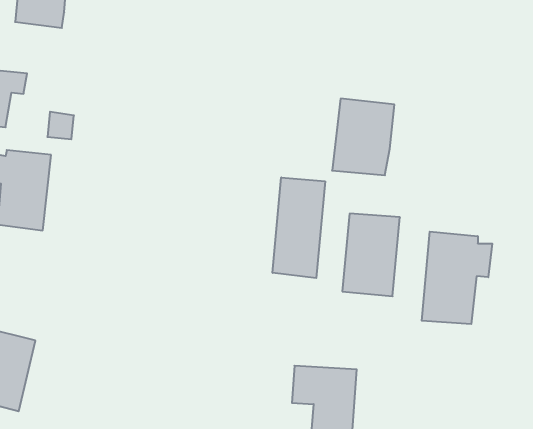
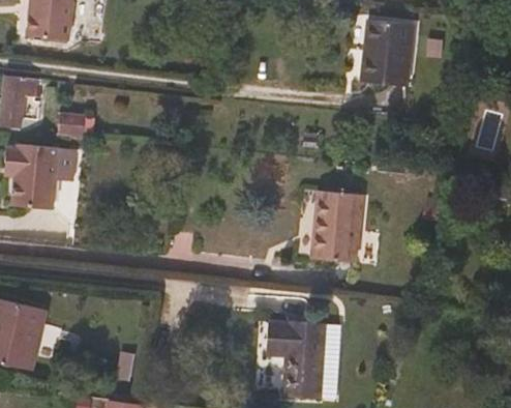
building: [332,99,394,175] -> [361,22,415,88]
building: [273,177,325,278] -> none
building: [422,232,492,324] -> none

